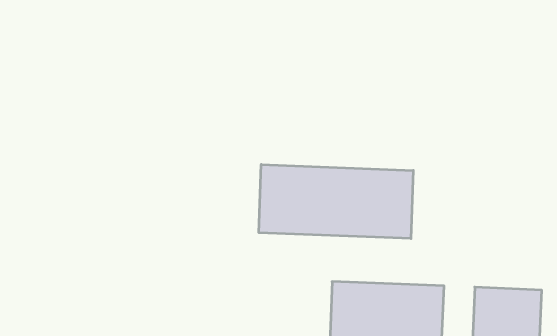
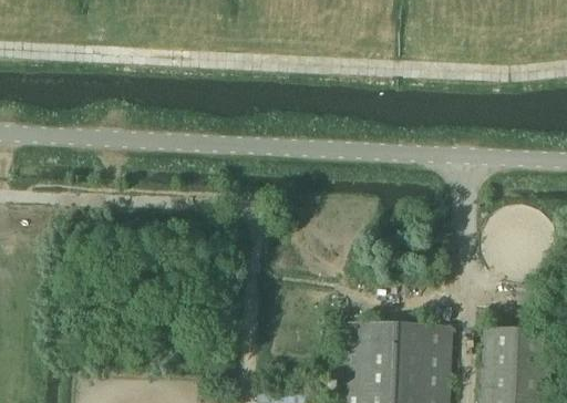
building: [259,164,413,239] -> none

